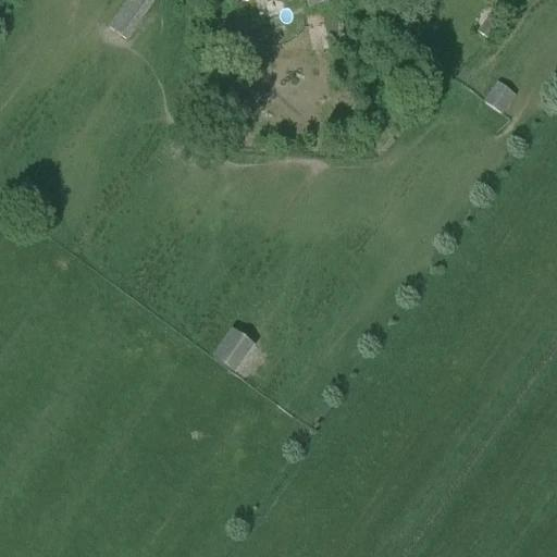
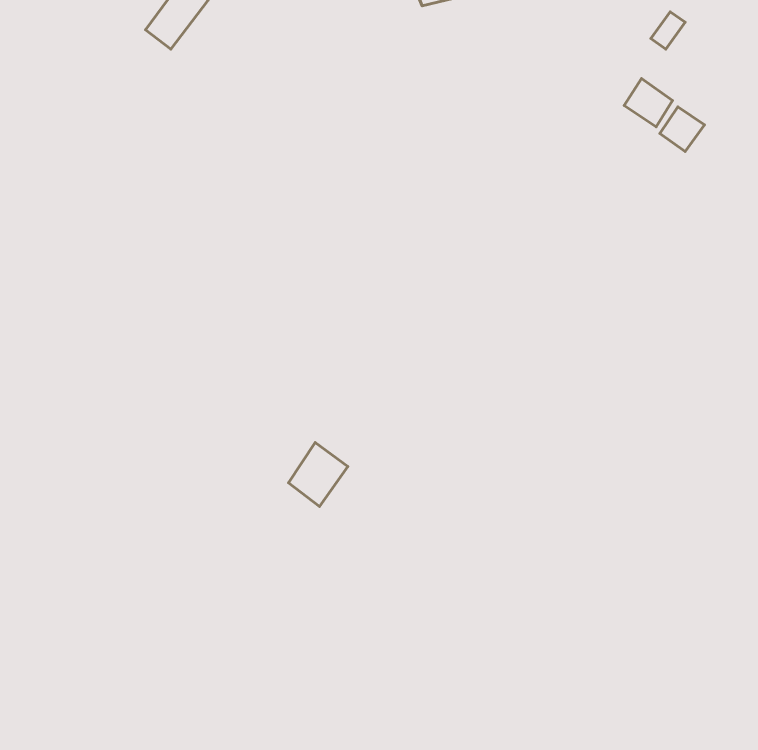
building: none -> [624,79,673,127]

